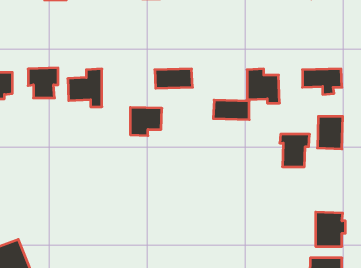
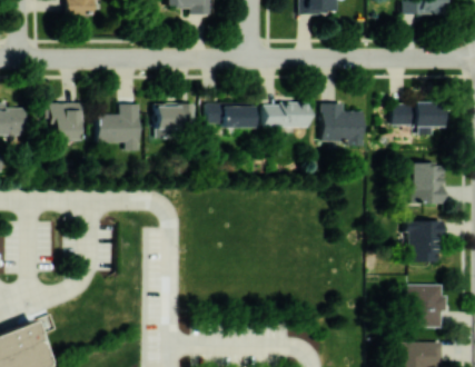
building: [213,100,249,120] -> [265,103,310,128]
building: [130,107,162,136] -> [156,103,196,139]
building: [280,134,310,167] -> [408,221,446,262]

